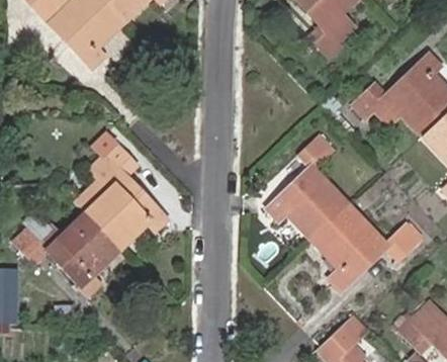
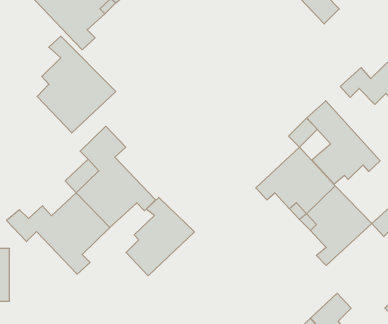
building: none -> [37,36,116,133]
building: none -> [307,101,380,184]
building: none -> [126,197,194,276]

